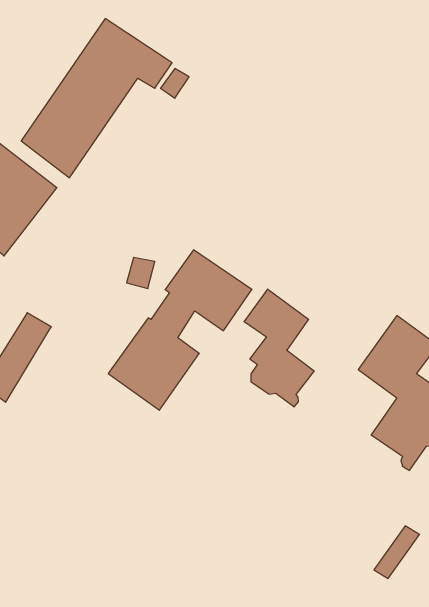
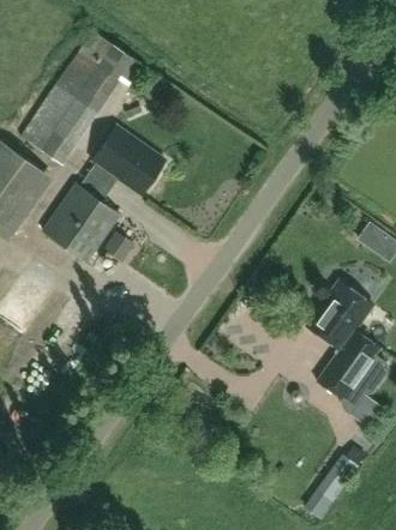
building: [108,250,252,410] -> [42,127,163,263]
building: [244,289,314,407] -> none

